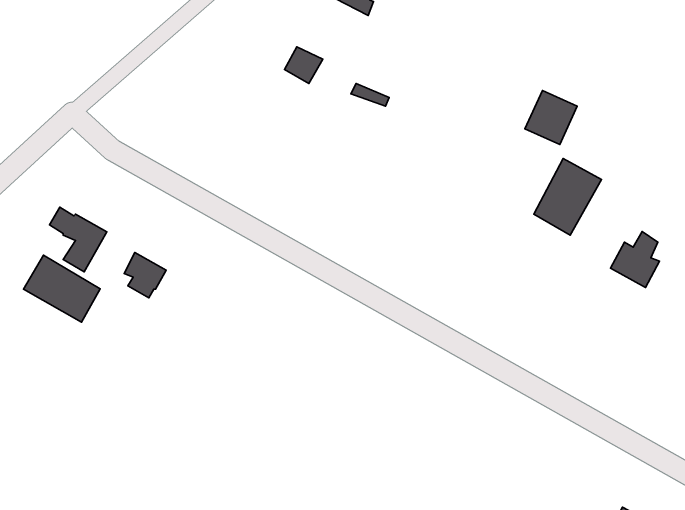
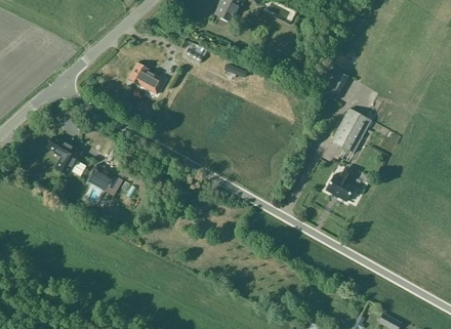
building: none -> [127,63,165,94]
building: [611,232,659,287] -> [326,169,355,202]
building: [24,255,100,322] -> none

